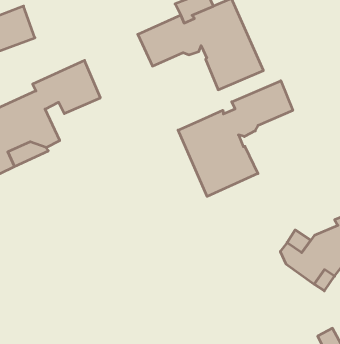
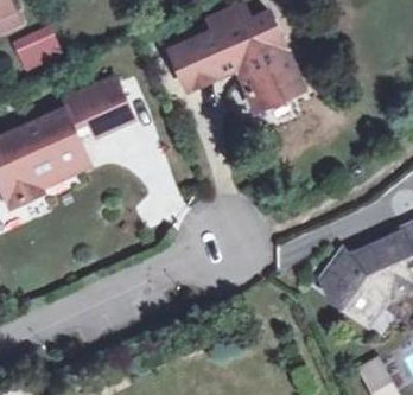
building: [178,81,293,196] -> none

